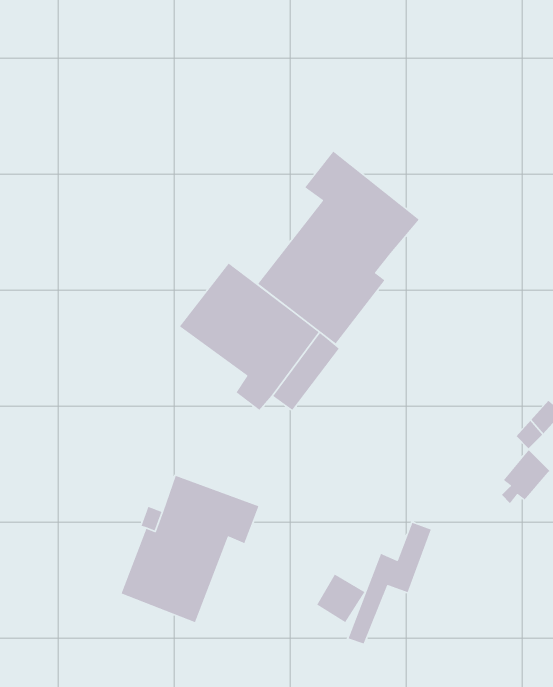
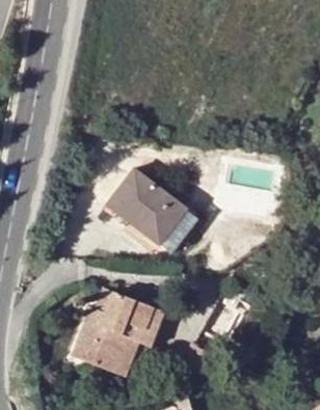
building: [257,150,420,344] -> none
building: [348,522,432,644] -> [116,306,164,376]

